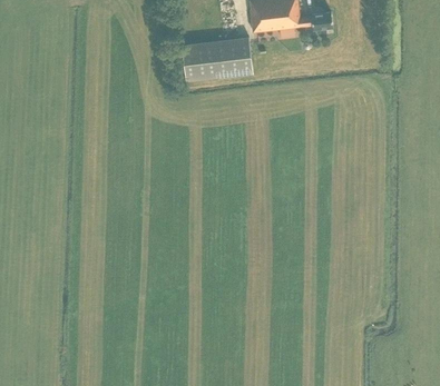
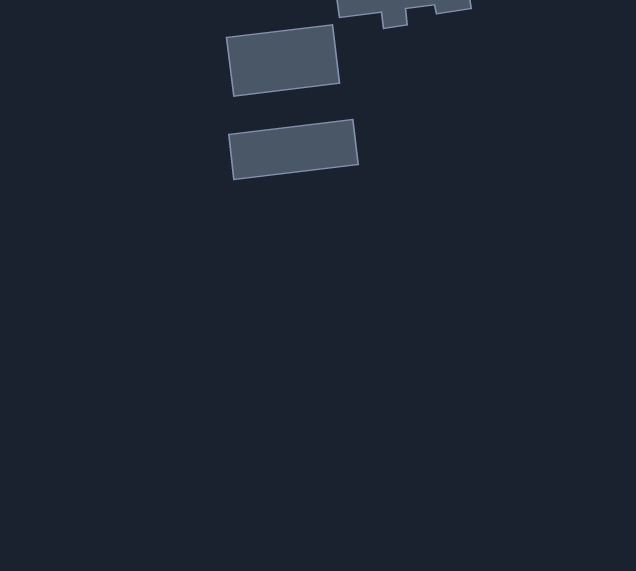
building: none -> [229,120,358,180]

